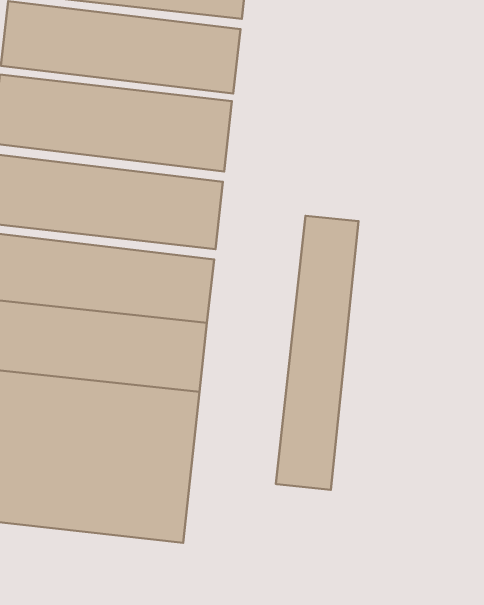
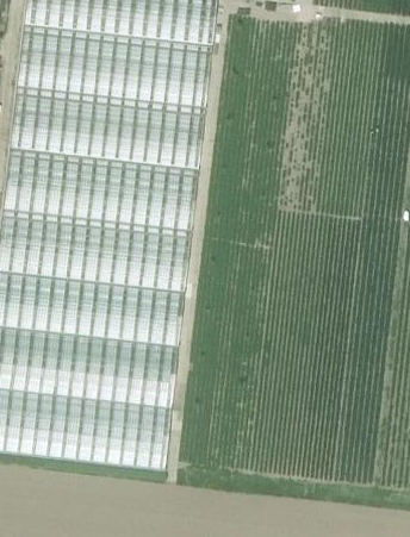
building: [276,216,358,490] -> none

